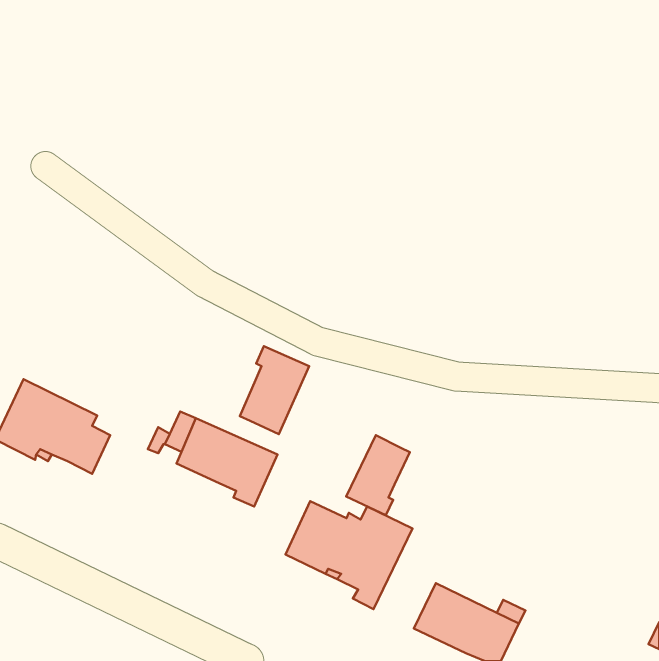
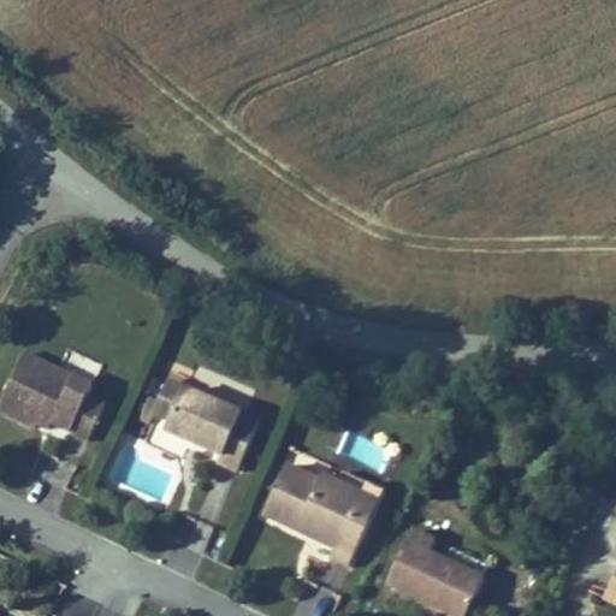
building: [240,346,309,434] -> none
building: [346,435,410,515] -> none

